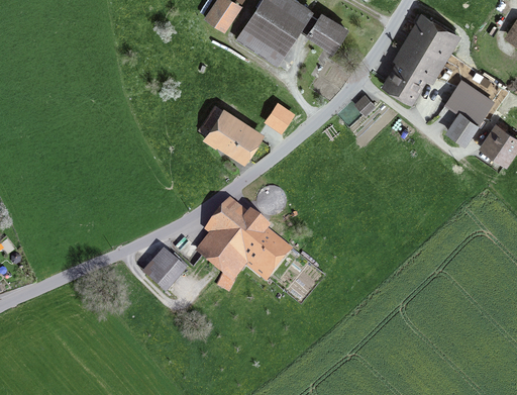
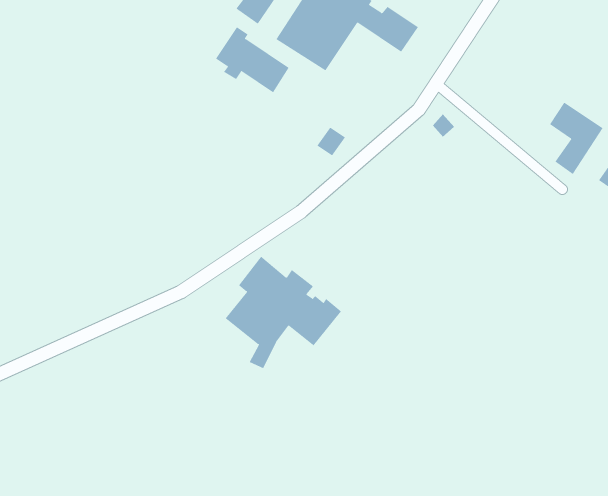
building: [387,18,457,99] -> none
building: [200,106,256,157] -> [215,27,290,93]
building: [147,255,188,290] -> none

